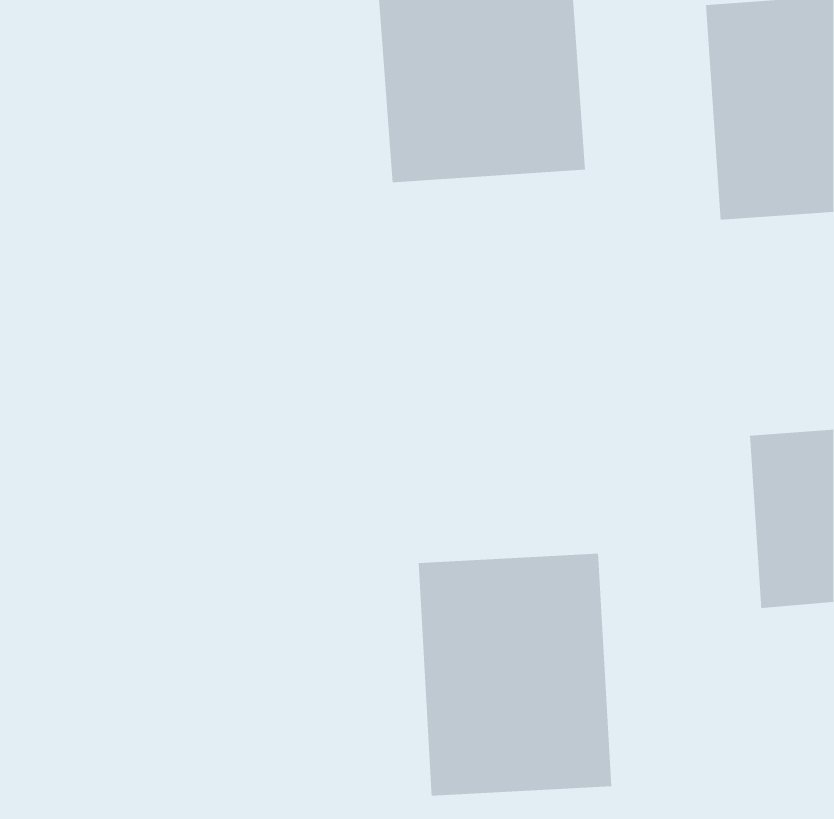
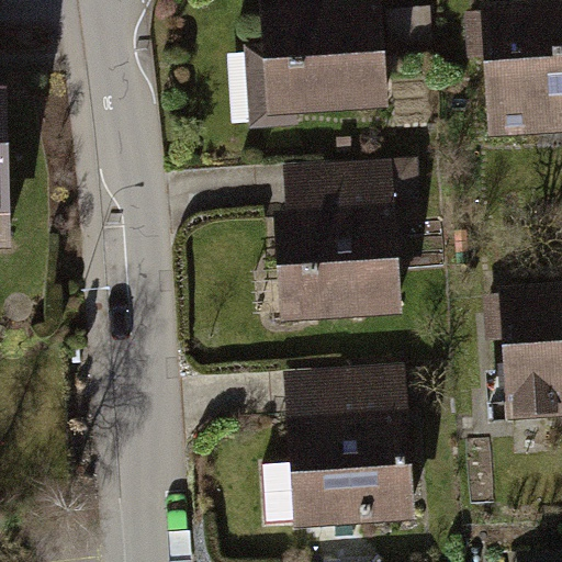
building: none -> [282,154,409,318]

